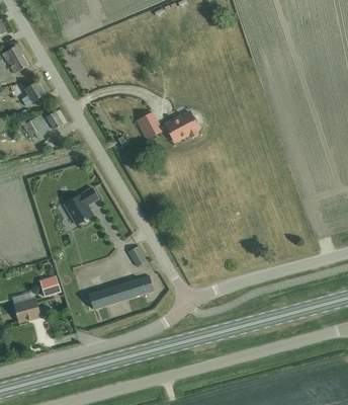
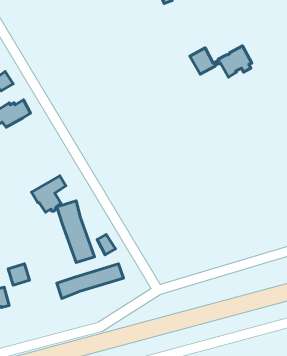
building: [137,110,198,142] -> [190,46,252,77]
building: none -> [57,201,95,262]

